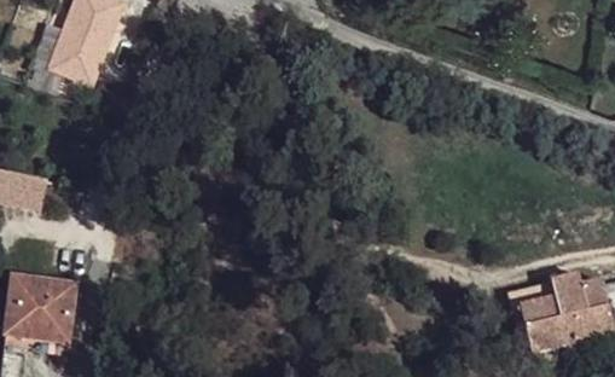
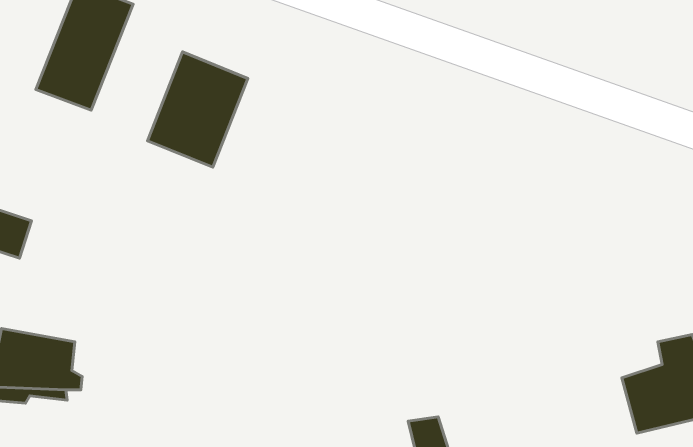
building: none -> [147,52,248,167]

